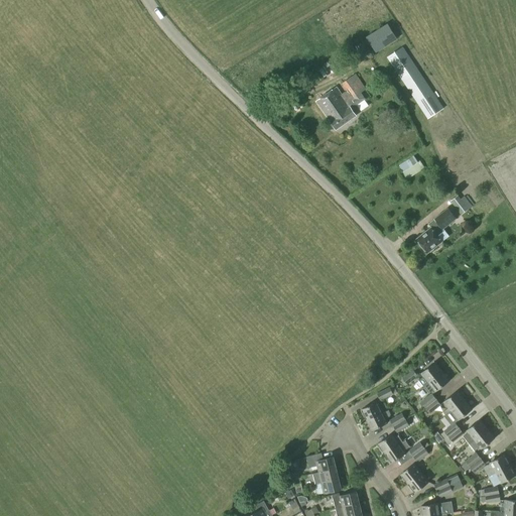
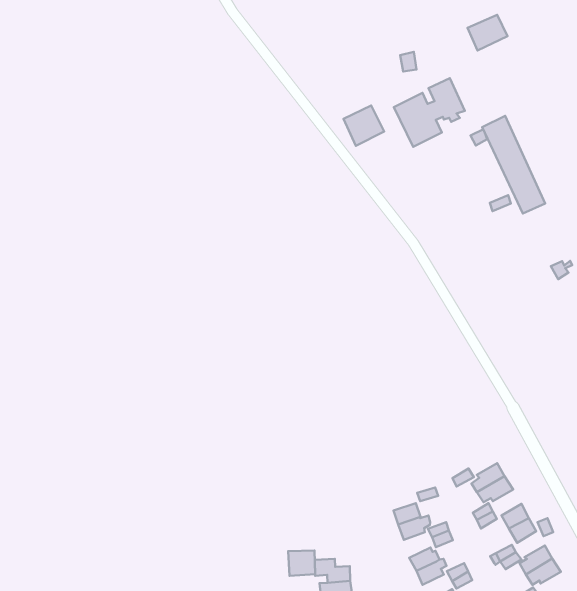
building: [387,46,443,119] -> [482,116,545,214]
building: none -> [344,106,384,146]
building: [416,209,457,253] -> none
building: none -> [288,551,315,576]

